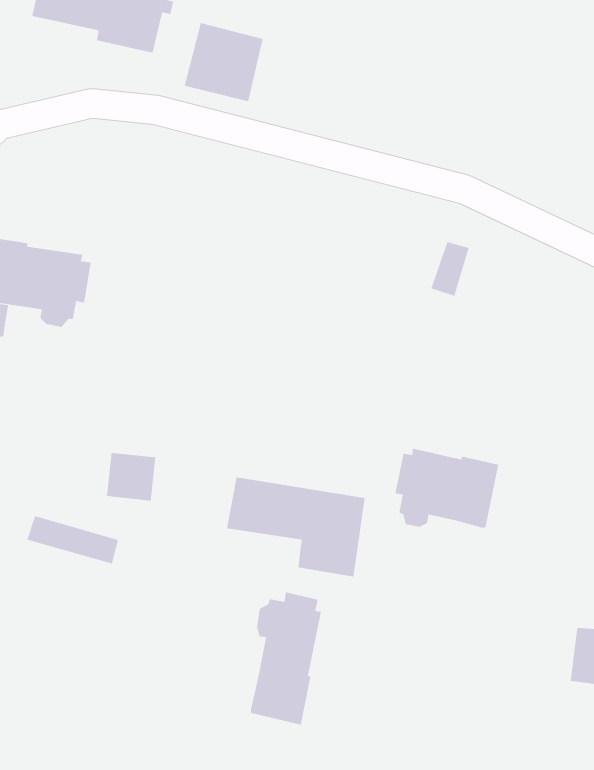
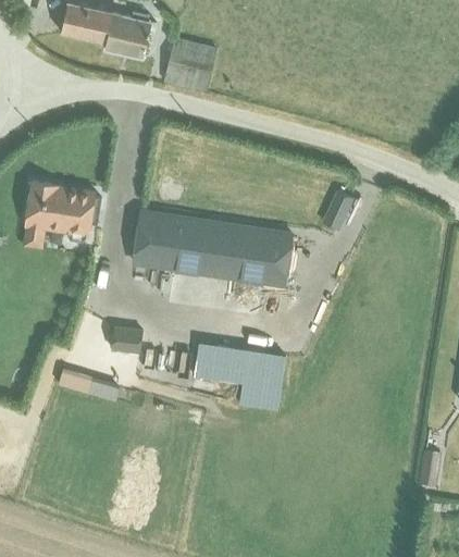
building: none -> [131,208,293,287]
building: [395,448,499,528] -> none
building: [250,592,321,726] -> none

